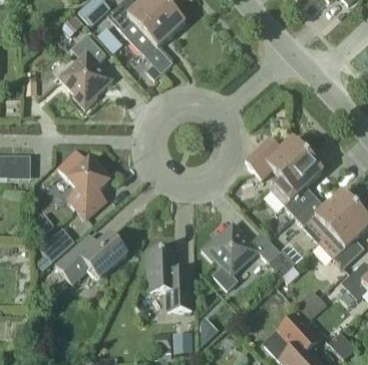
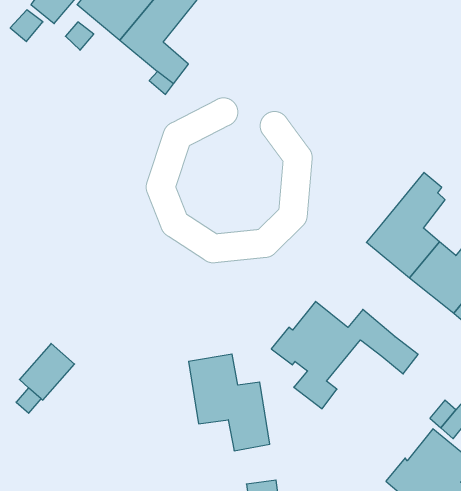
building: [59,34,112,108] -> none
building: [246,136,312,179] -> none
building: [58,151,107,217] -> none
building: [55,234,127,283] -> none

